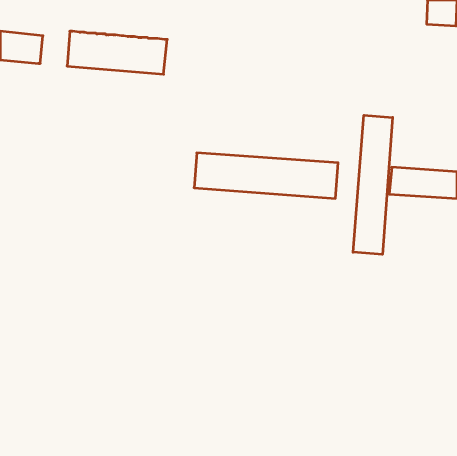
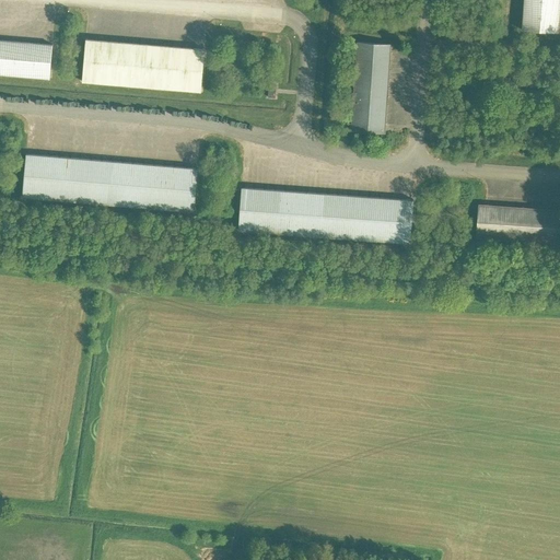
building: none -> [351,43,390,135]
building: [353,115,393,254] -> none
building: none -> [22,154,198,212]

